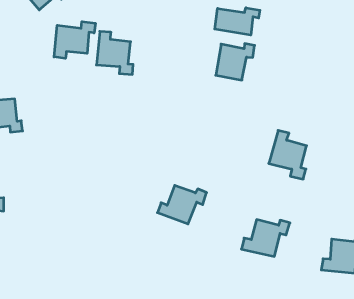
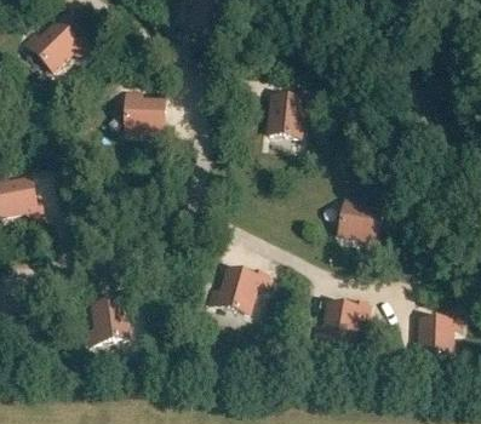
building: [215,8,260,35] -> none
building: [54,22,95,58] -> none
building: none -> [87,292,133,342]

